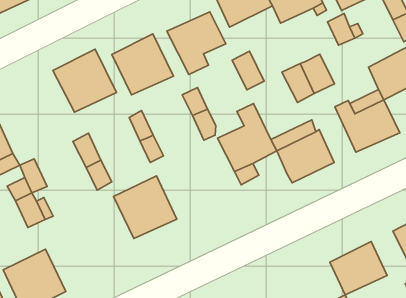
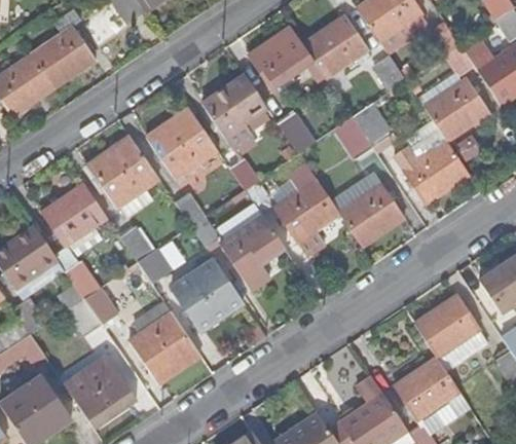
building: none -> [41,183,105,244]
building: none -> [221,218,285,289]
building: none -> [130,313,200,383]

